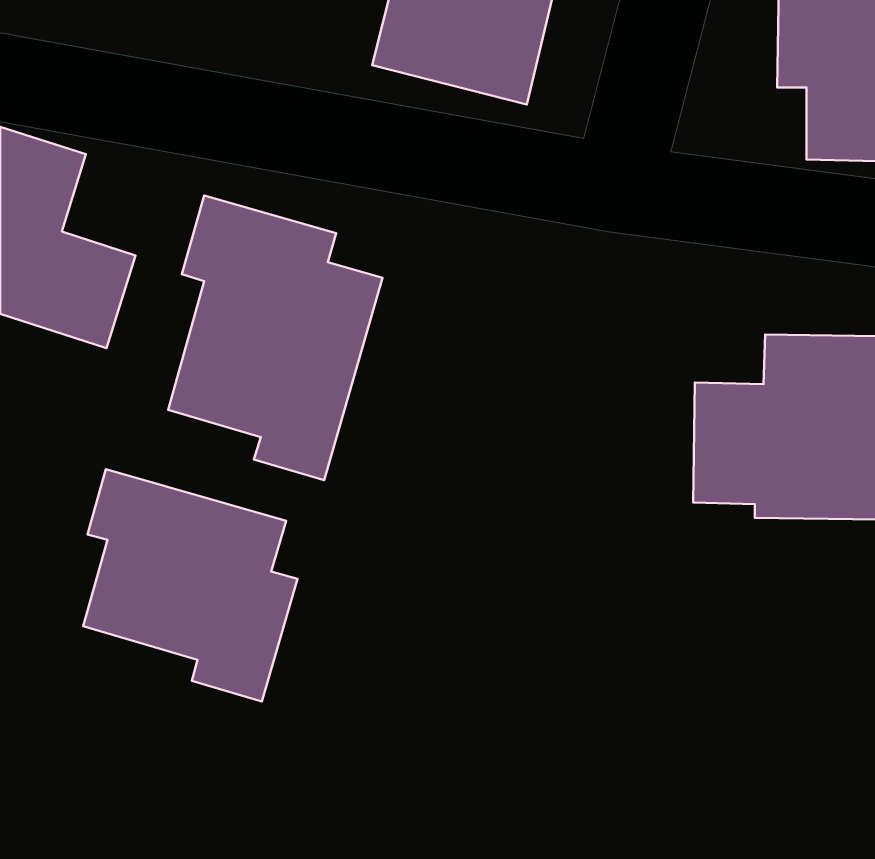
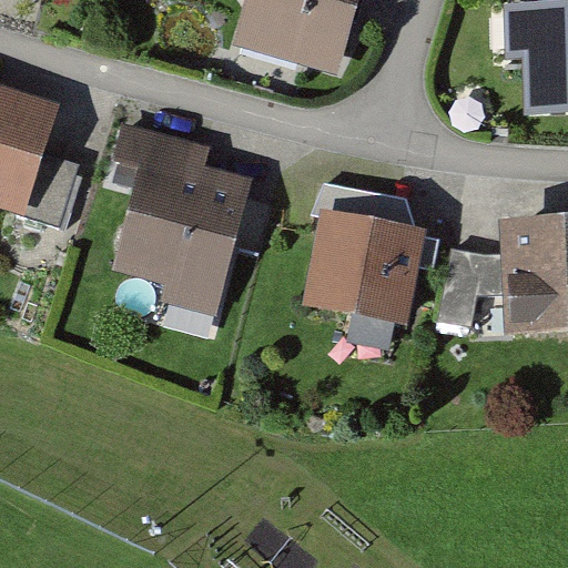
building: none -> [301,213,426,325]
building: [83,469,297,701] -> none

